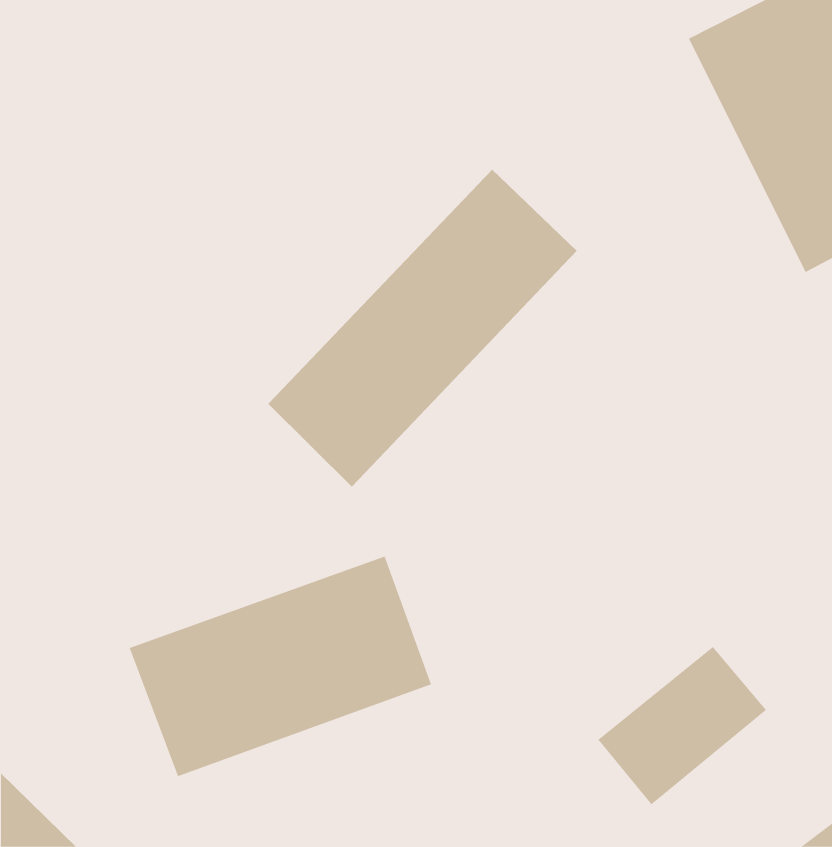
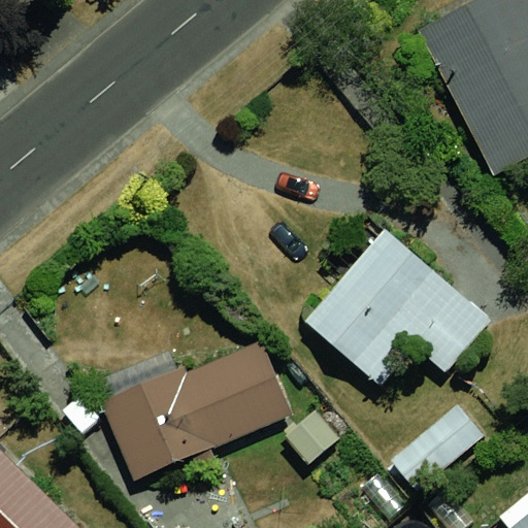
building: [267,169,578,488] -> none
building: none -> [303,228,488,381]

